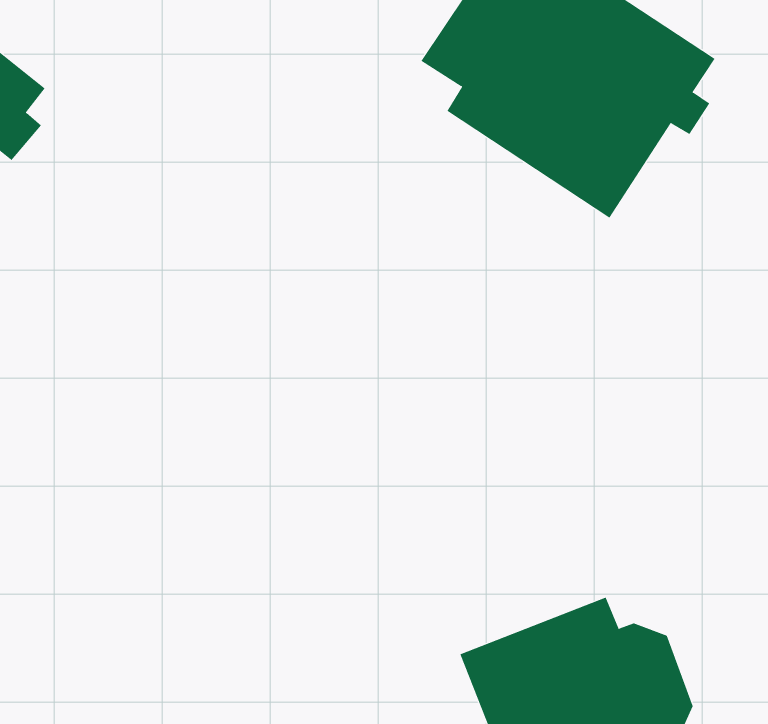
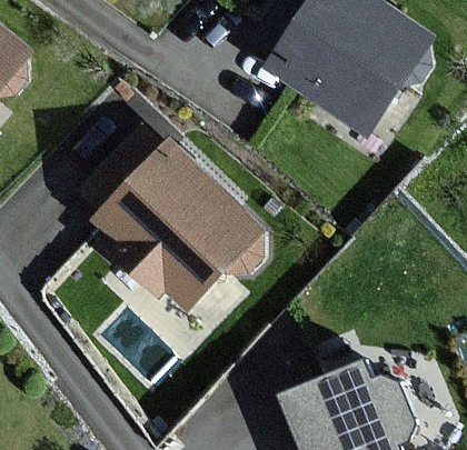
building: none -> [96,143,264,307]

